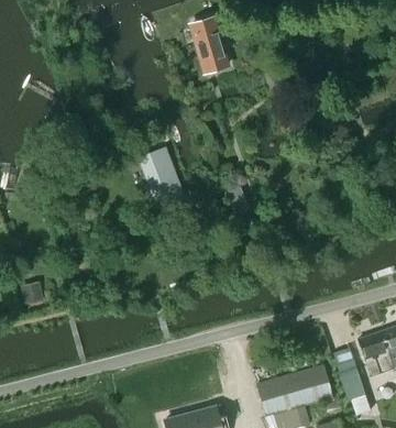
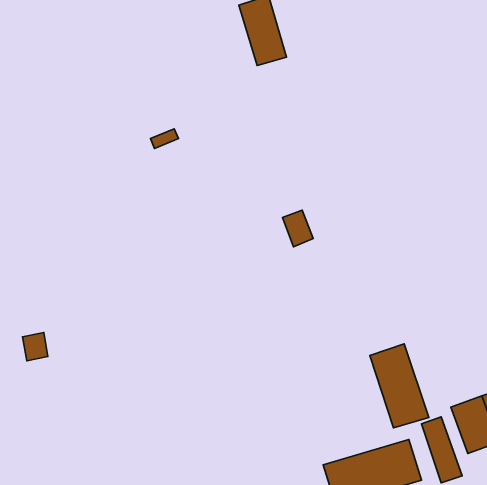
building: [140,146,185,206] -> none
building: none -> [370,344,429,428]

